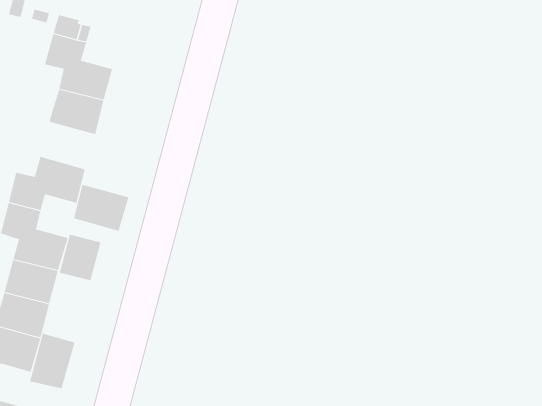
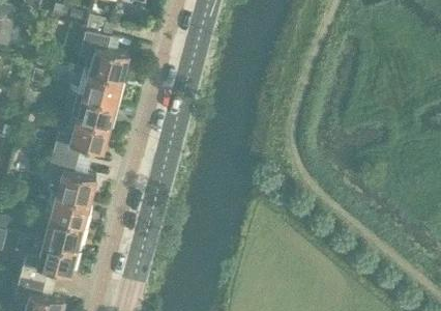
building: [73,184,129,232] -> [76,96,116,131]
building: [59,234,101,281] -> none
building: [30,333,75,389] -> none

